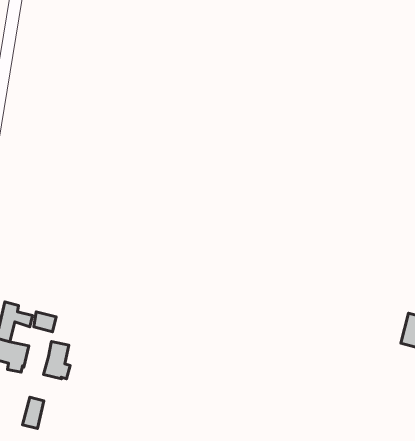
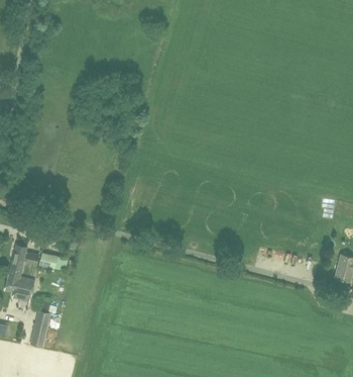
building: [43,341,70,379] -> none

